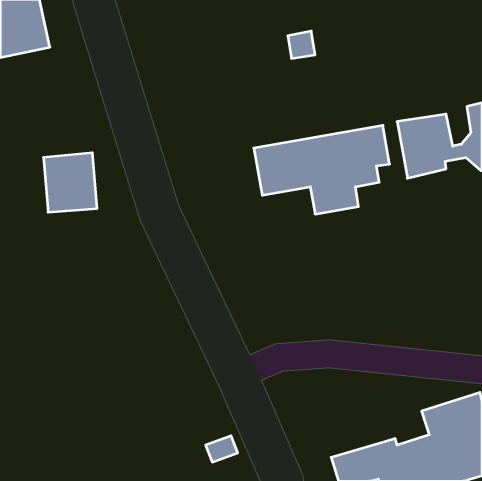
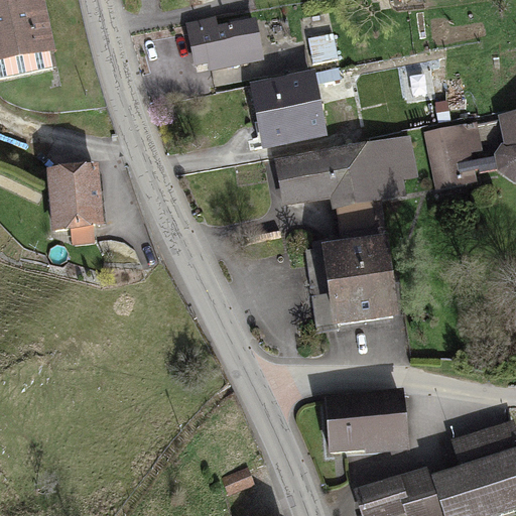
building: none -> [184,16,266,76]
building: none -> [249,70,327,148]
building: none -> [321,236,396,326]
building: none -> [322,388,408,455]

